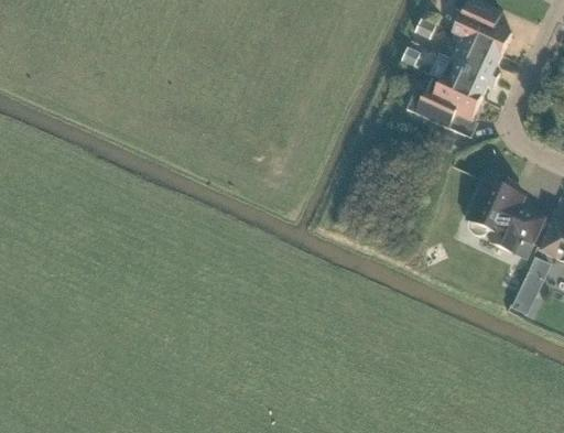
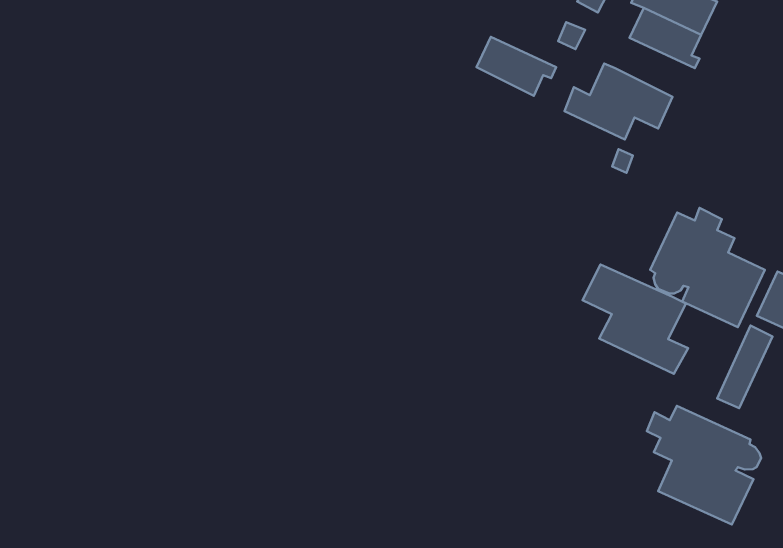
building: [442,57,497,98] -> [477,37,556,96]
building: none -> [583,264,688,374]
building: none -> [647,406,761,525]

